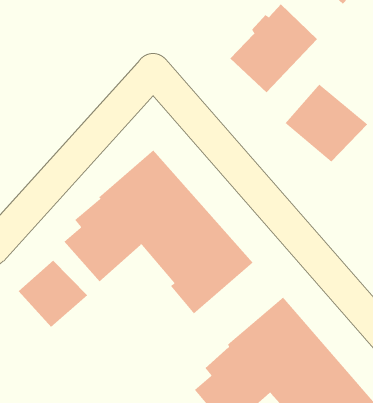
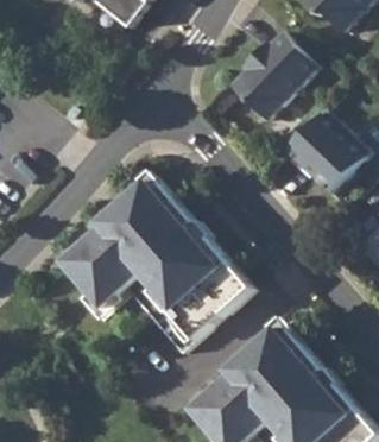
building: [18,260,88,328] -> none

